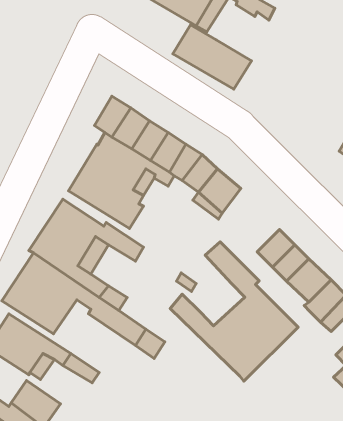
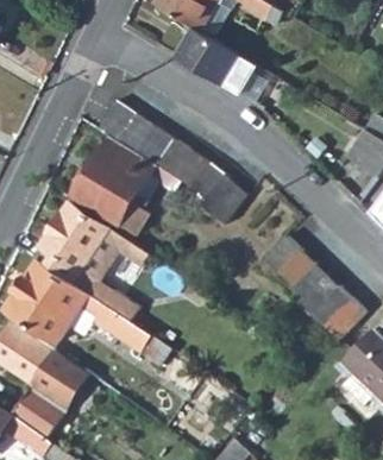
building: [170,242,298,381] -> none

